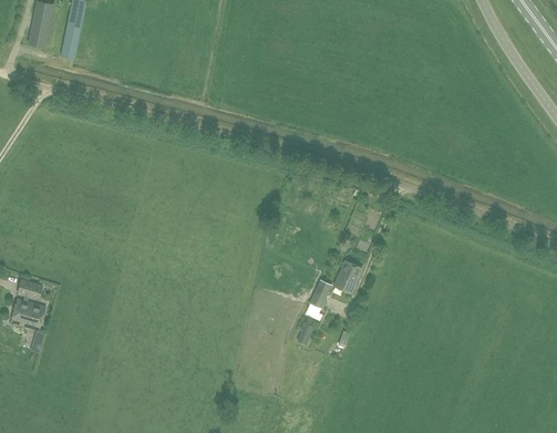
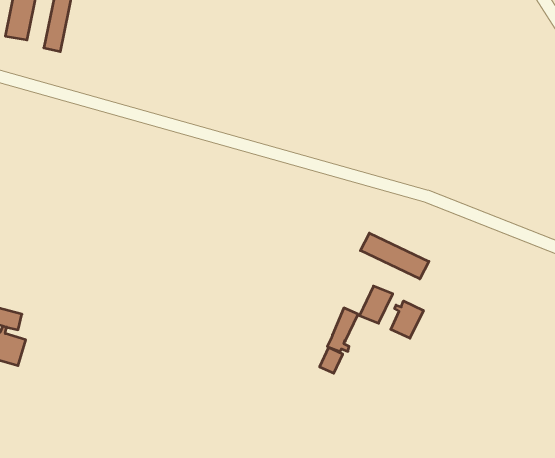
building: none -> [360,233,429,279]
building: none -> [391,301,423,338]

